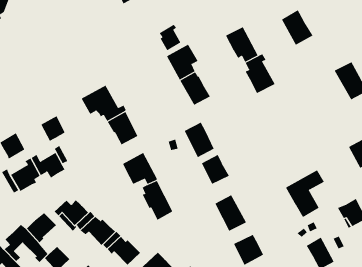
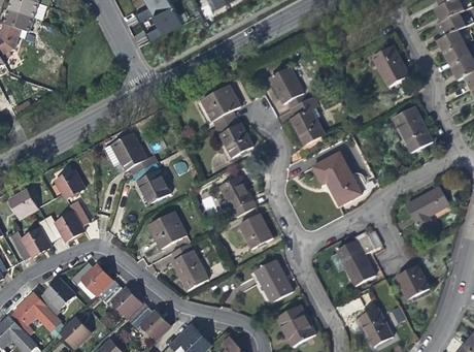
building: [281,10,313,45] -> [370,44,407,86]
building: [159,24,181,51] -> none
building: none -> [311,153,360,204]

